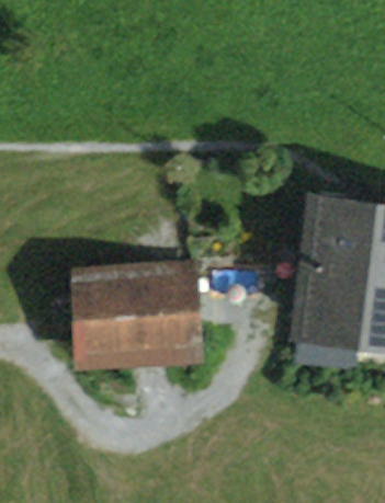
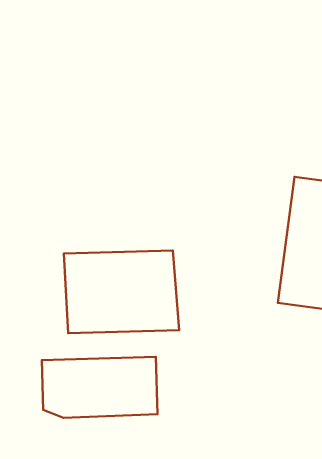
building: none -> [42,357,158,418]

